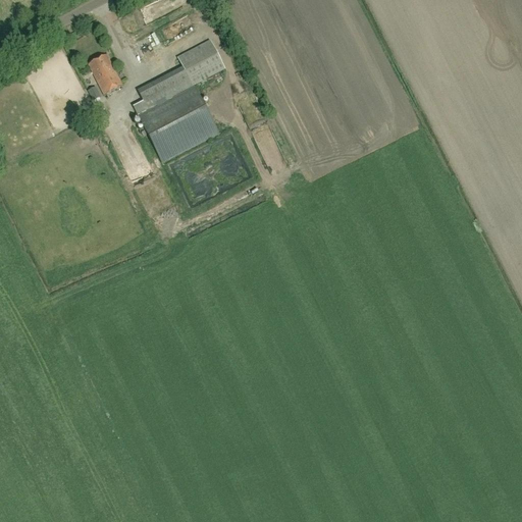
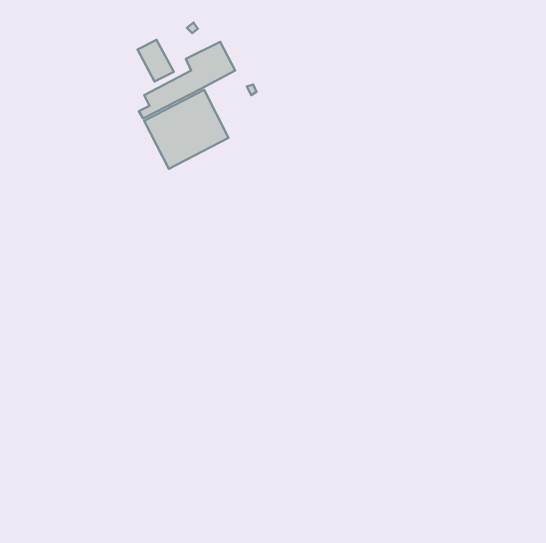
building: [88,54,122,94] -> [137,40,174,81]

